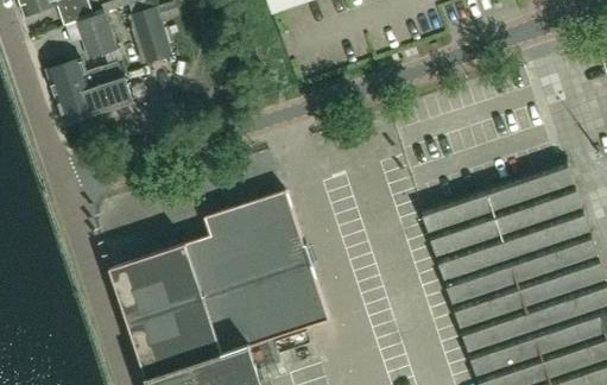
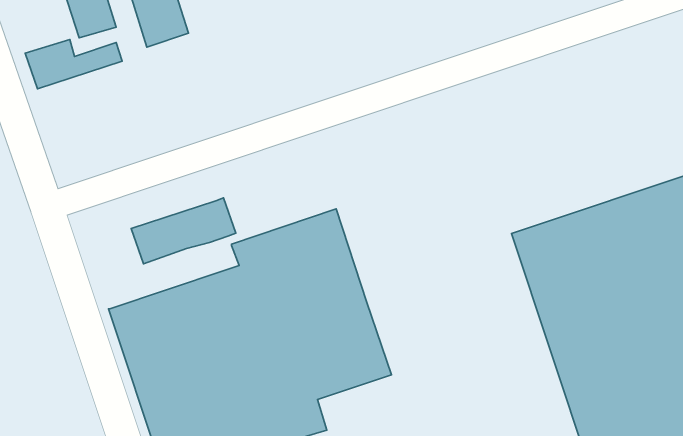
building: [56,74,137,125] -> [131,198,236,264]

